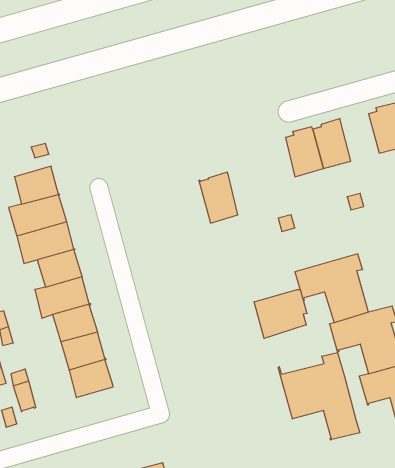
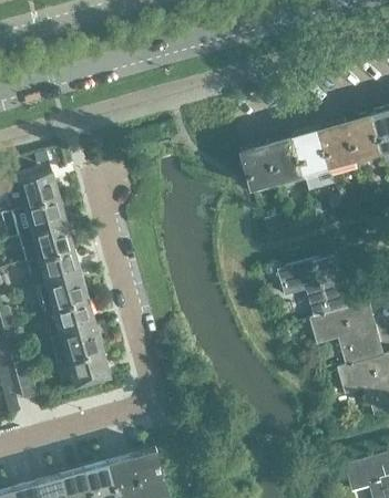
building: none -> [320,122,357,168]
building: [199,172,238,223] -> [242,143,278,190]
building: [254,290,307,338] -> none
building: [278,352,360,440] -> none

